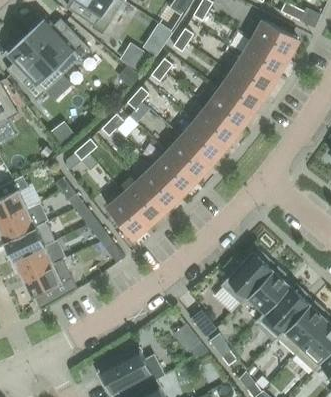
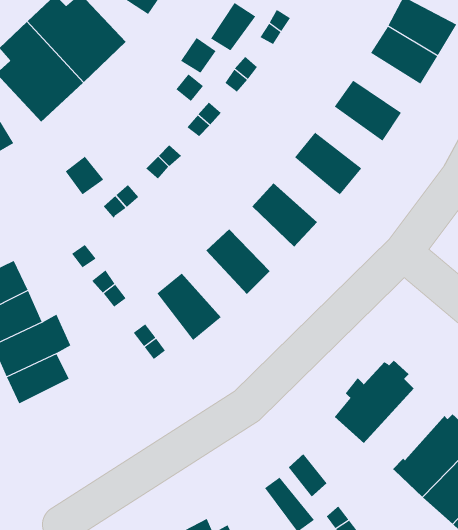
building: [232,56,275,94] -> none
building: [208,90,251,129] -> none
building: [182,122,224,163] -> none
building: [154,153,195,194] -> none
building: [124,181,165,223] -> none
building: [21,258,77,309] -> none
building: [246,267,290,313] -> none

